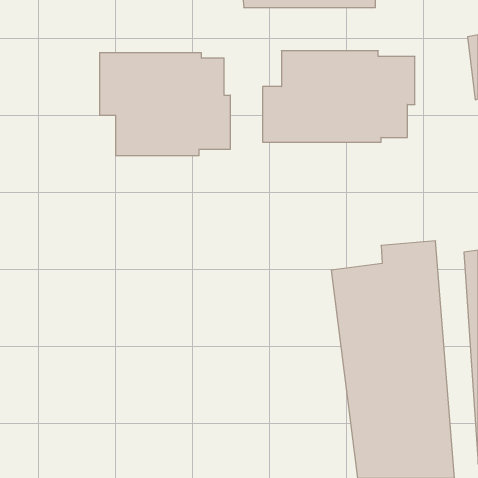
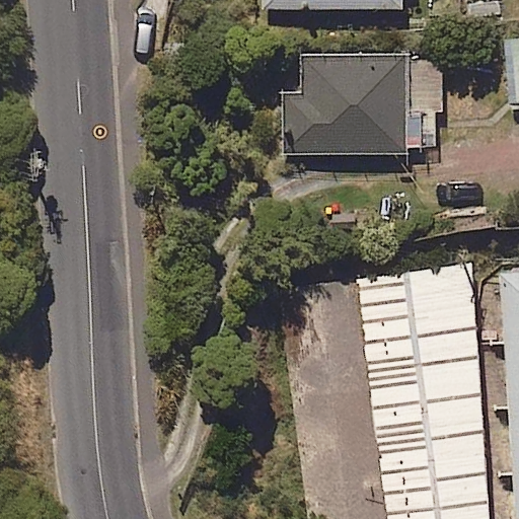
building: [100,53,230,156] -> none

